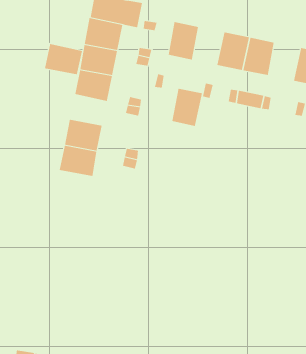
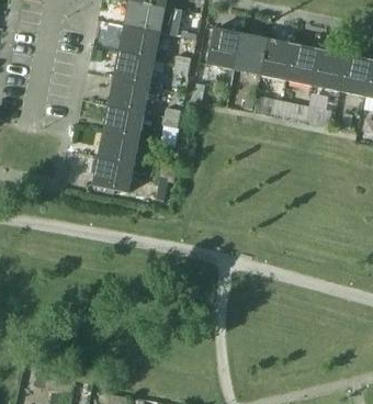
building: none -> [314,50,348,91]
building: [44,44,83,75] -> [103,105,144,138]
building: [172,88,203,126] -> [234,34,267,75]

